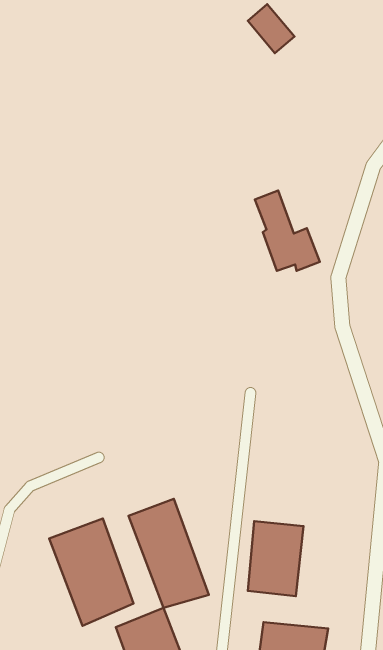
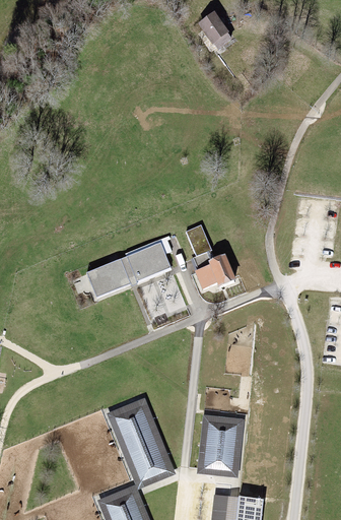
building: [255,191,320,271] -> [185,224,235,287]
building: none -> [86,242,173,297]
building: [49,519,133,626] -> none

